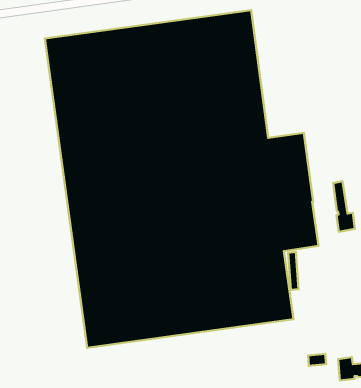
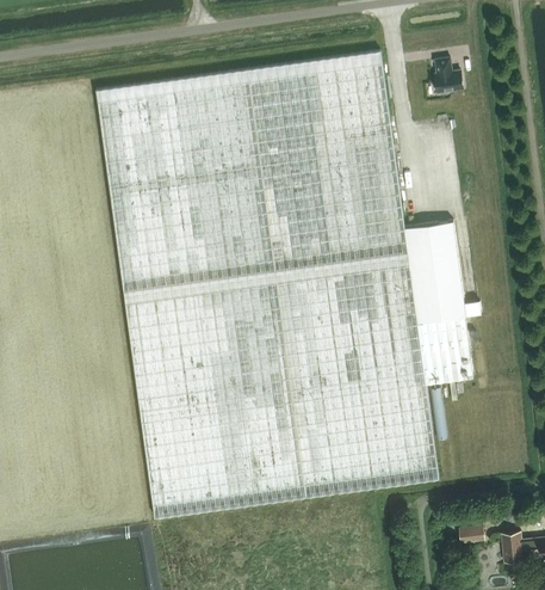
building: none -> [434,59,463,96]
building: [333,181,355,232] -> none

